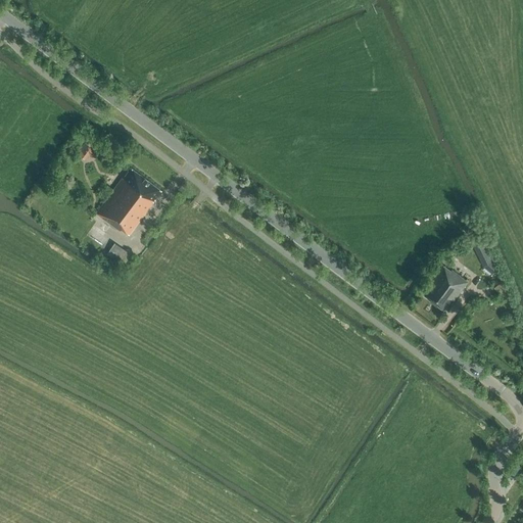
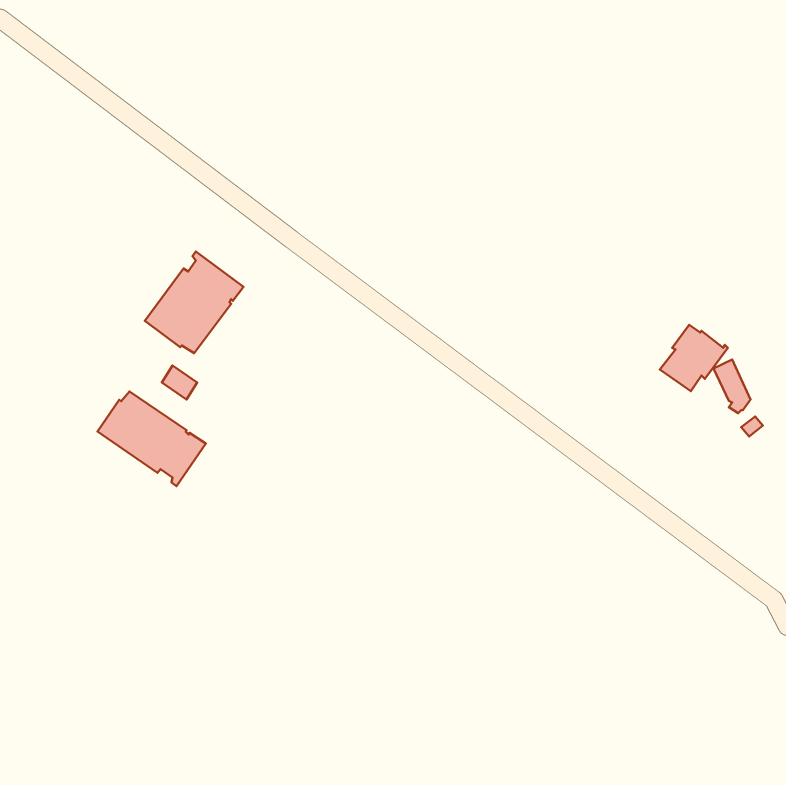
building: none -> [97,391,206,486]
building: [425,267,470,311] -> [660,325,728,391]

